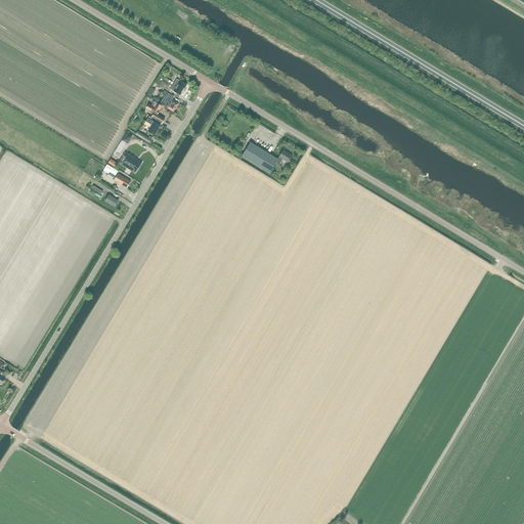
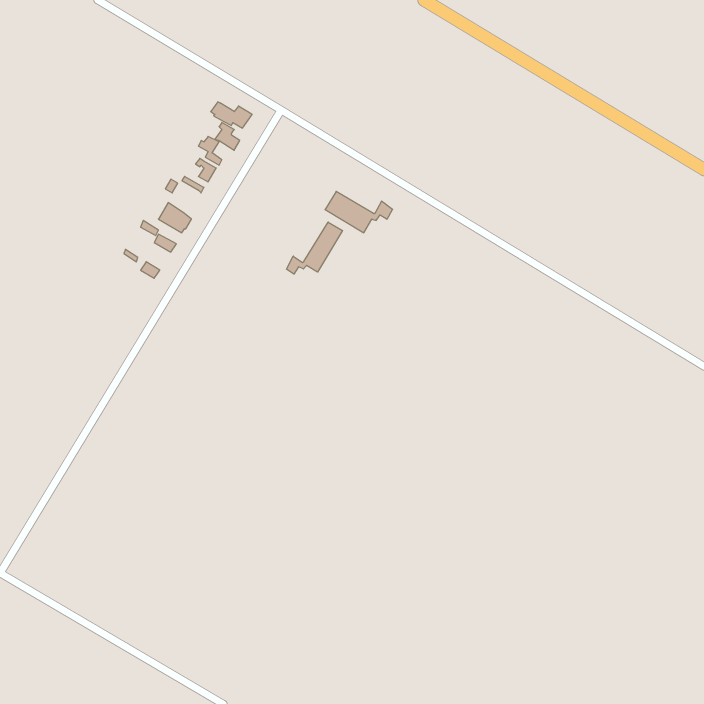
building: none -> [287,222,343,274]

